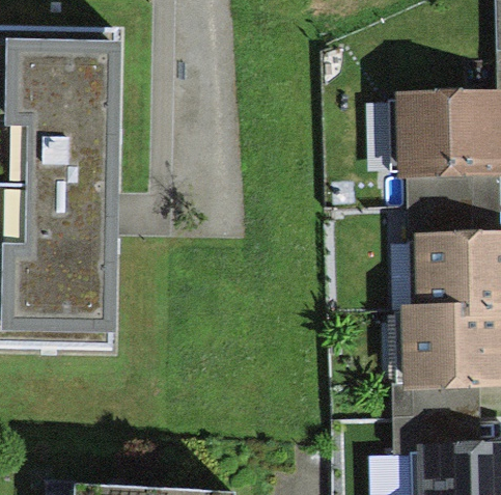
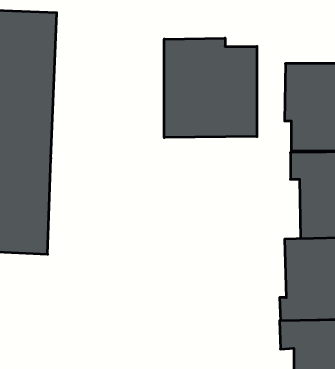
building: none -> [164,38,257,138]

